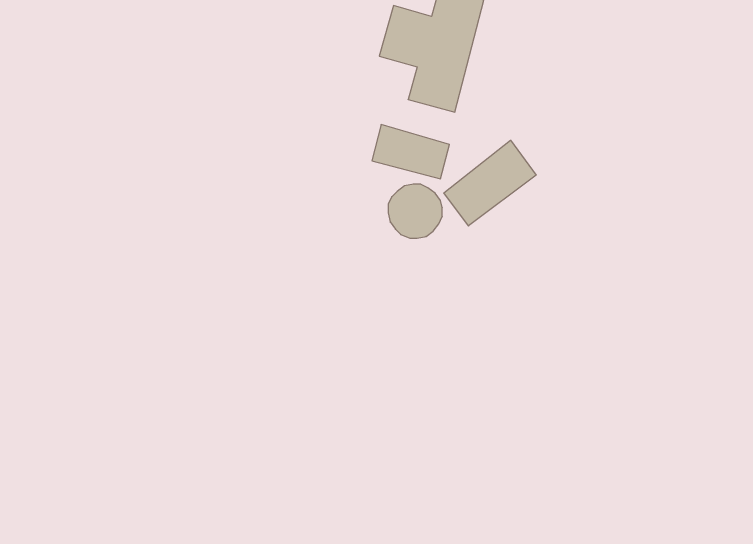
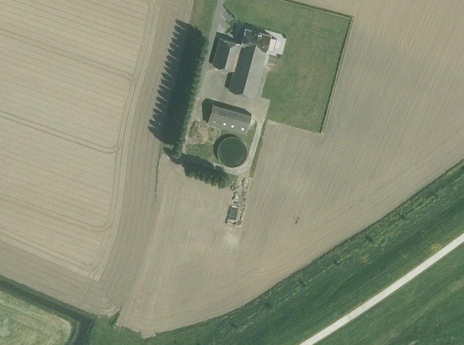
building: [444,140,536,226] -> none

